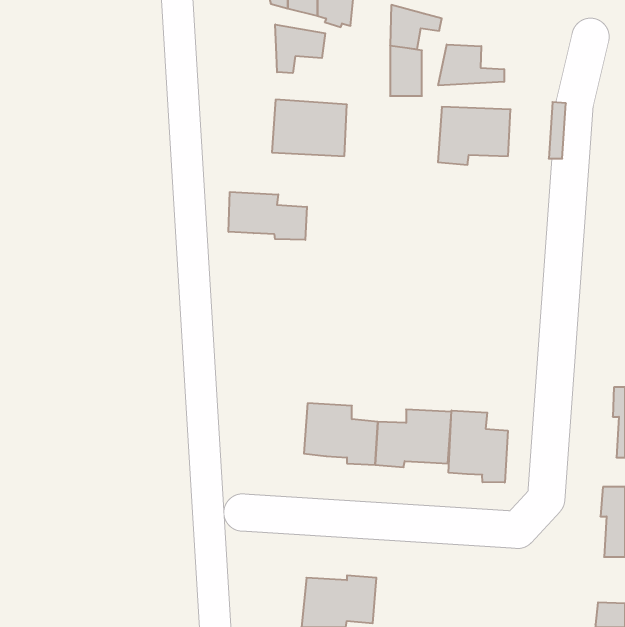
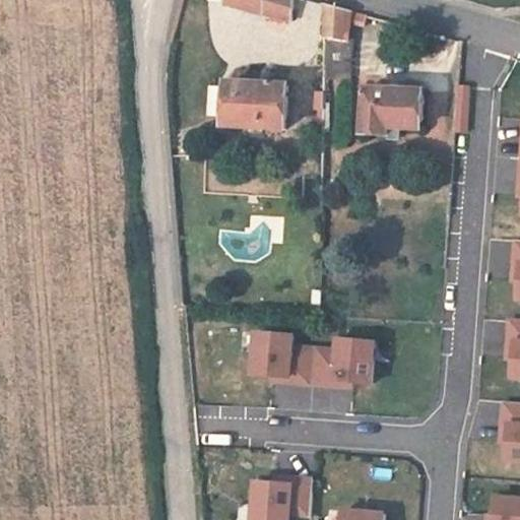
building: [275,24,325,73] -> none
building: [438,44,504,85] -> none
building: [229,192,307,240] -> none
building: [449,410,508,483] -> none

